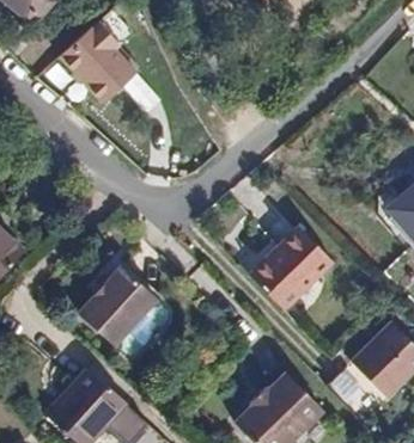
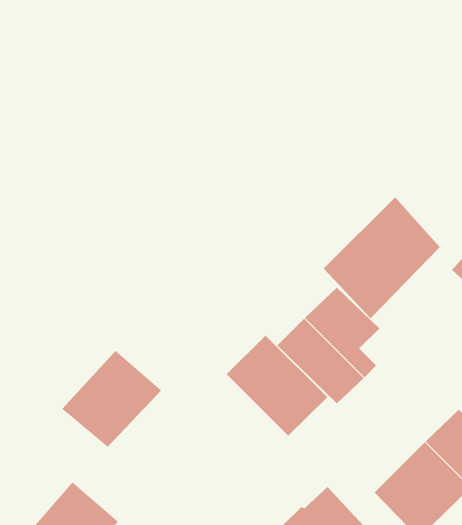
building: [51,13,129,93] -> none
building: none -> [323,196,441,319]
building: none -> [226,335,328,437]

